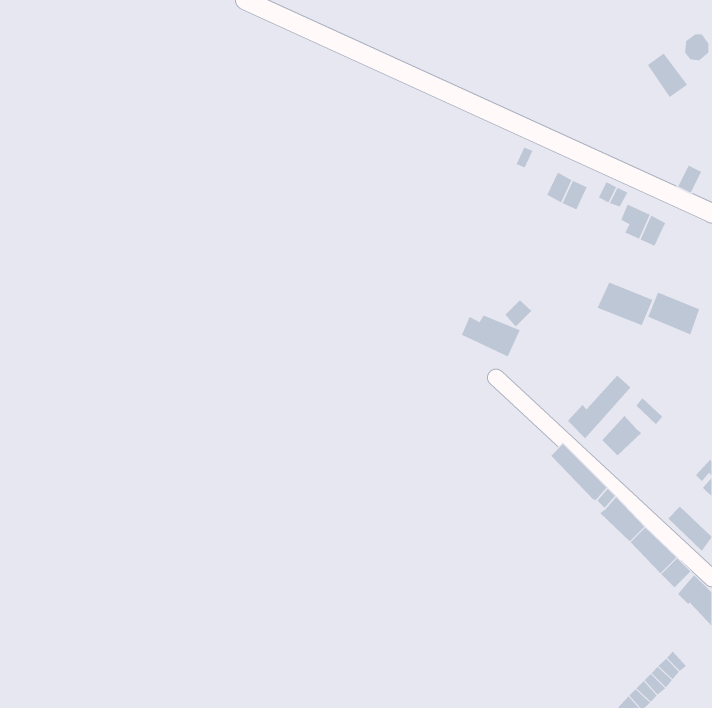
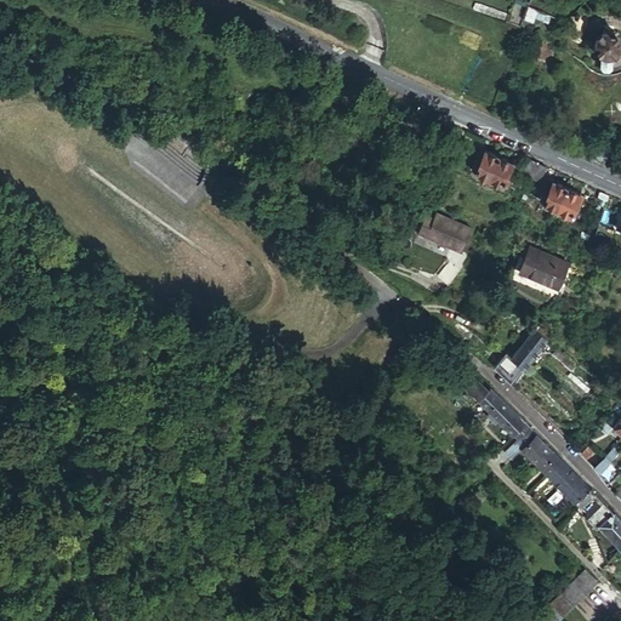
building: [647,53,688,98] -> none
building: [647,291,700,336] -> none
building: [461,314,521,358] -> [425,222,477,260]
building: [601,415,642,456] -> none

